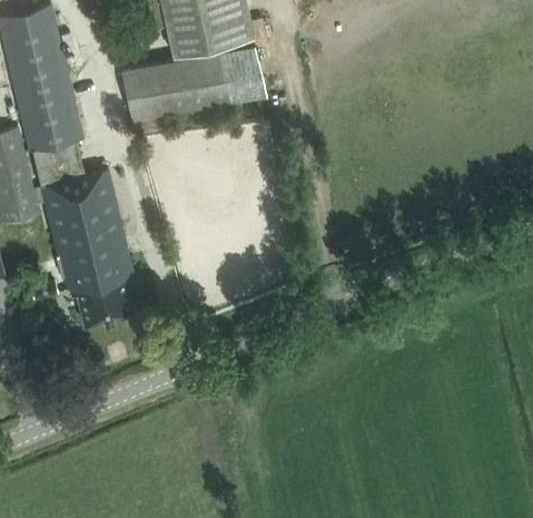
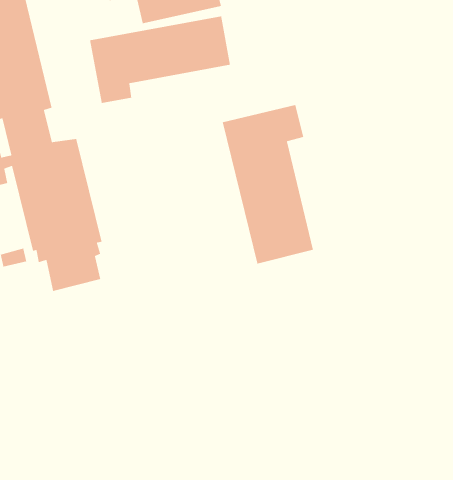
building: none -> [222,104,314,264]

